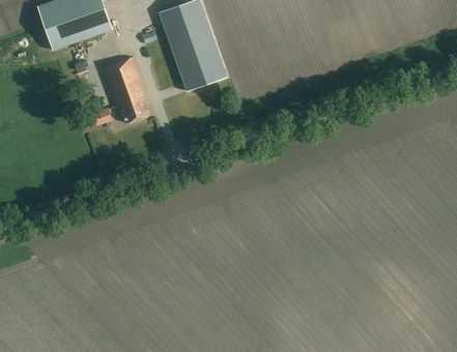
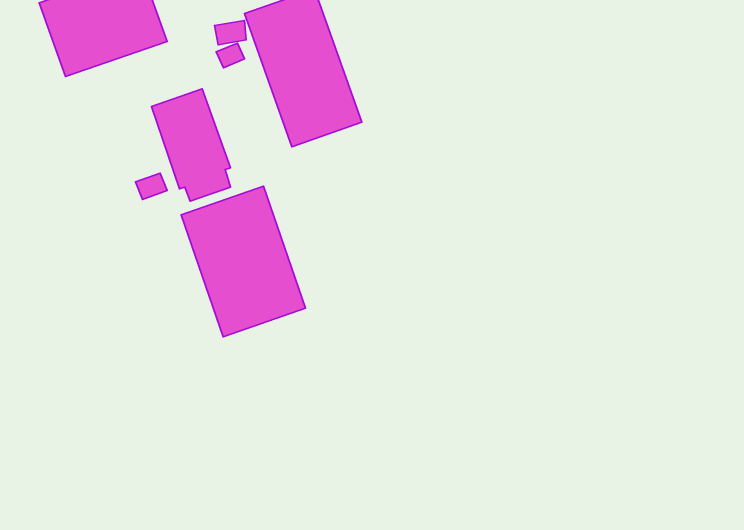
building: none -> [181,186,306,337]

